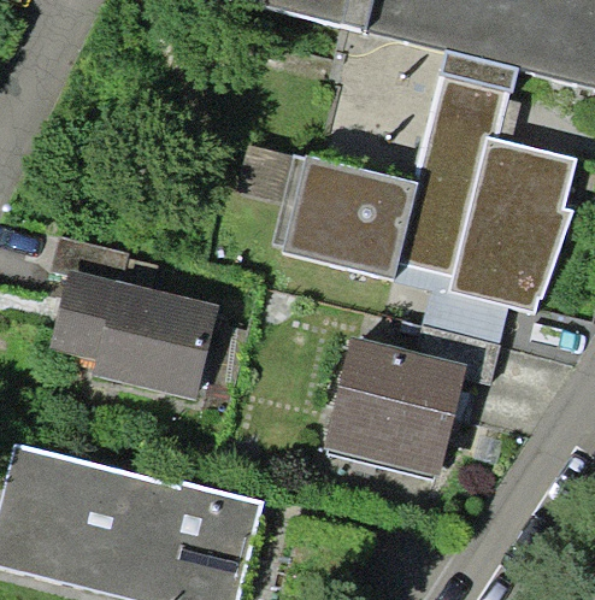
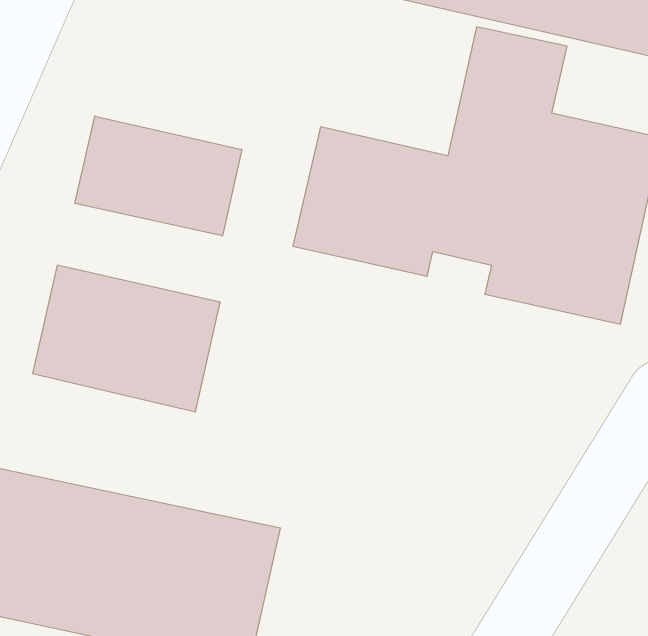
building: none -> [75,116,242,236]
building: [319,329,469,483] -> none

